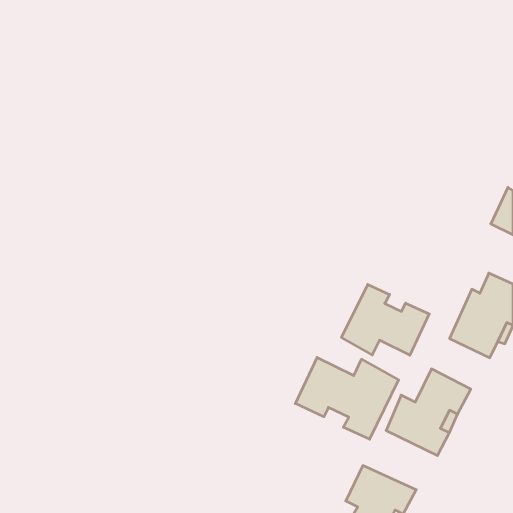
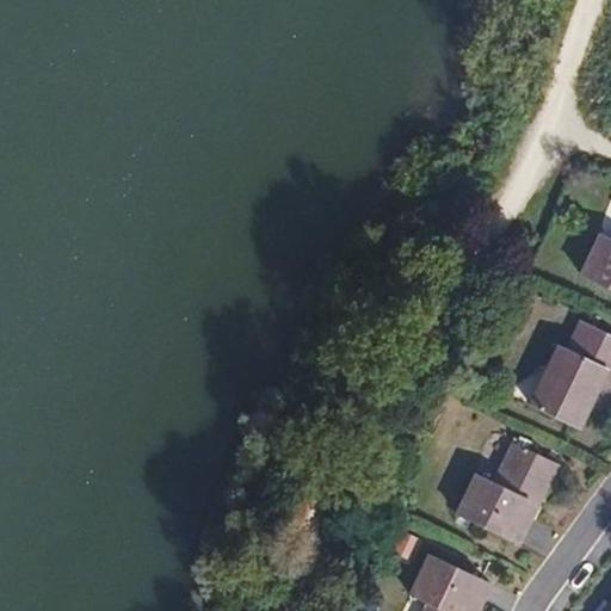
building: [342,284,429,355] -> none
building: [295,357,399,439] -> none

